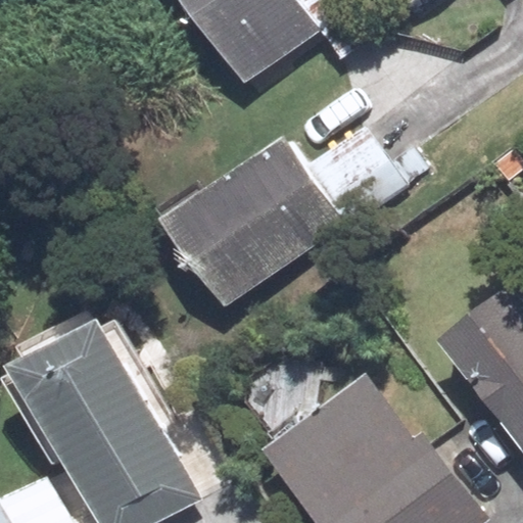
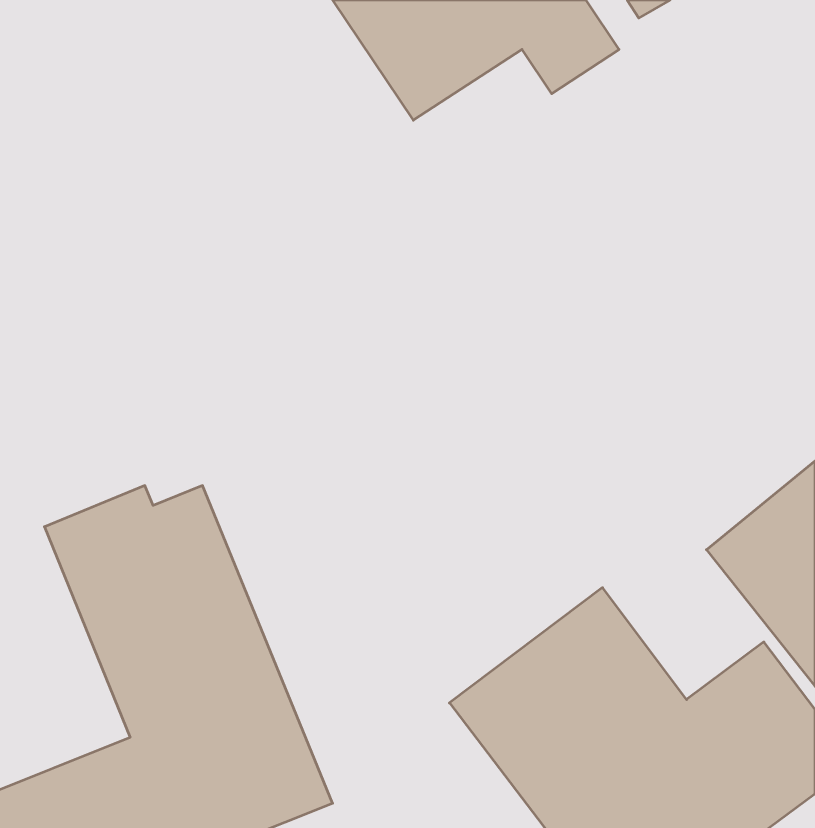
building: [168,134,397,305] -> none

